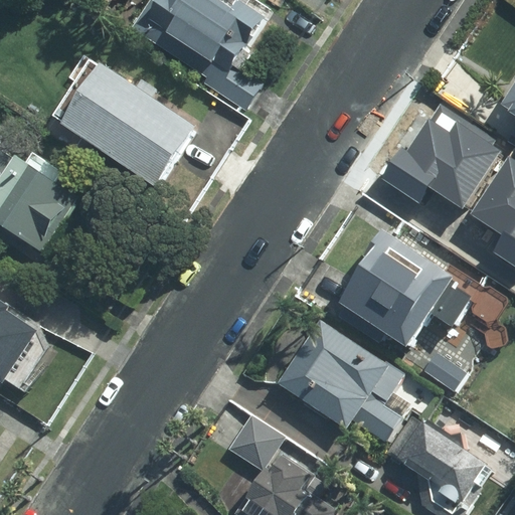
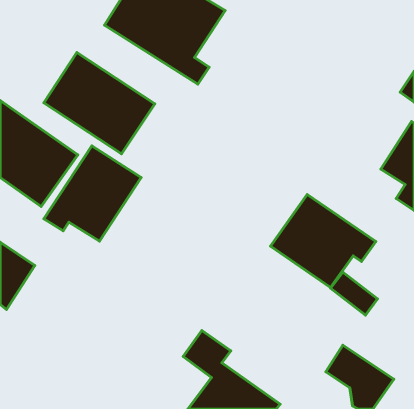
building: [380,97,501,205] -> none
building: none -> [44,146,141,241]
building: [275,315,412,447] -> none

